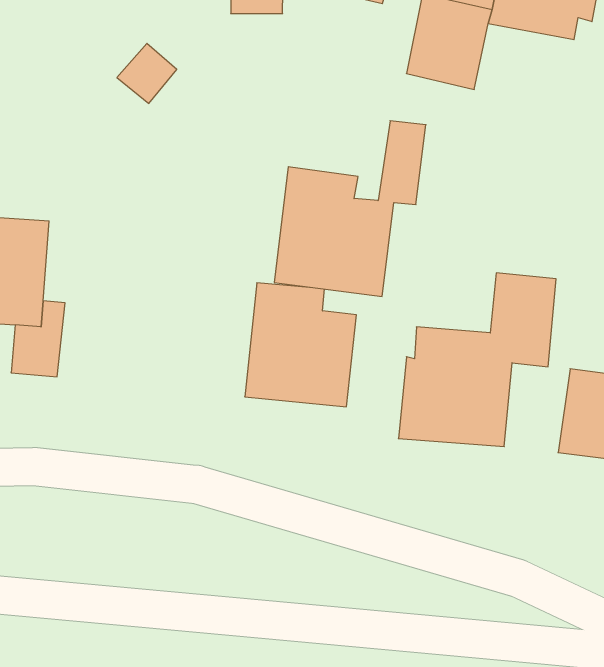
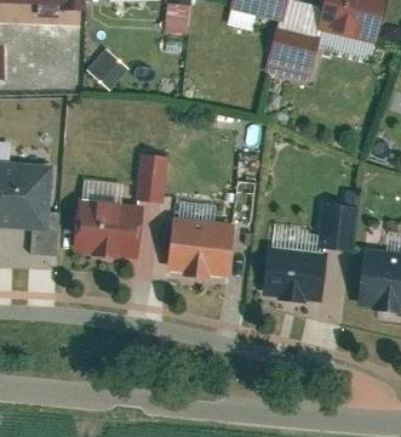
building: [274,121,426,296] -> [74,153,166,260]

